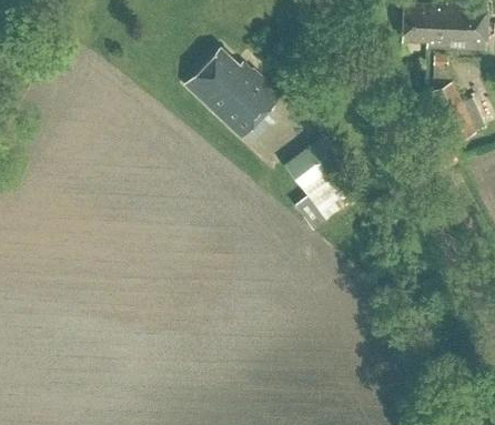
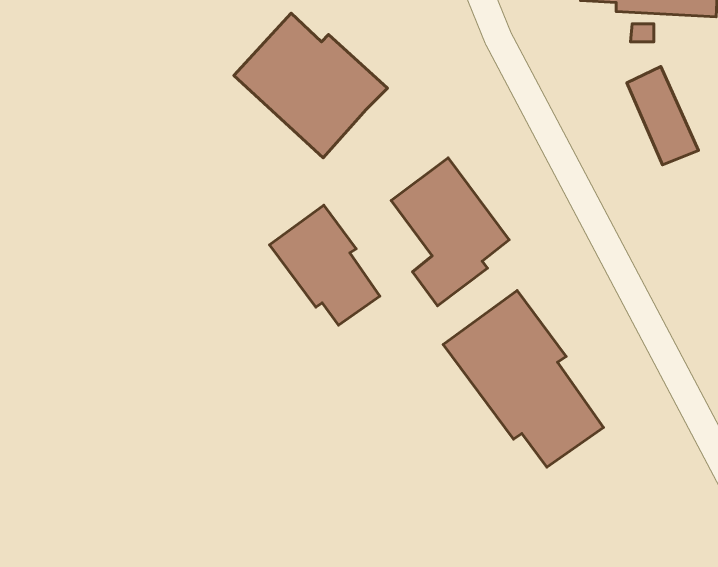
building: none -> [270,205,380,325]
building: none -> [443,290,604,467]

